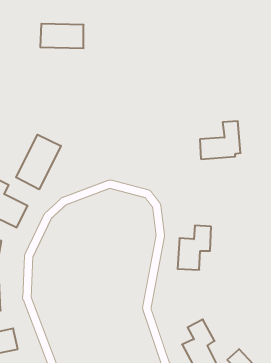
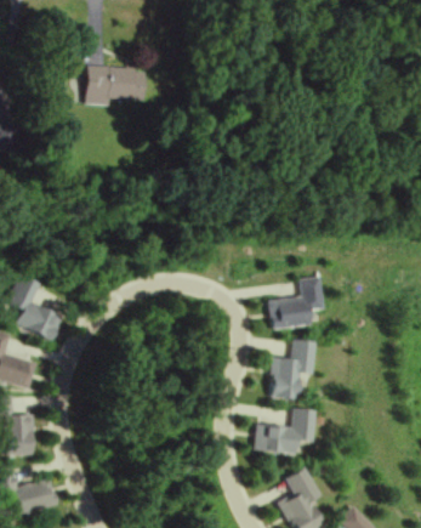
building: [200,121,241,159] -> [271,277,325,328]
building: [16,135,61,189] -> none
building: none -> [254,408,315,453]

